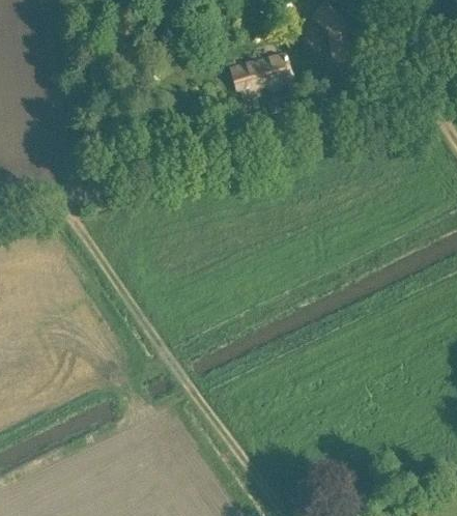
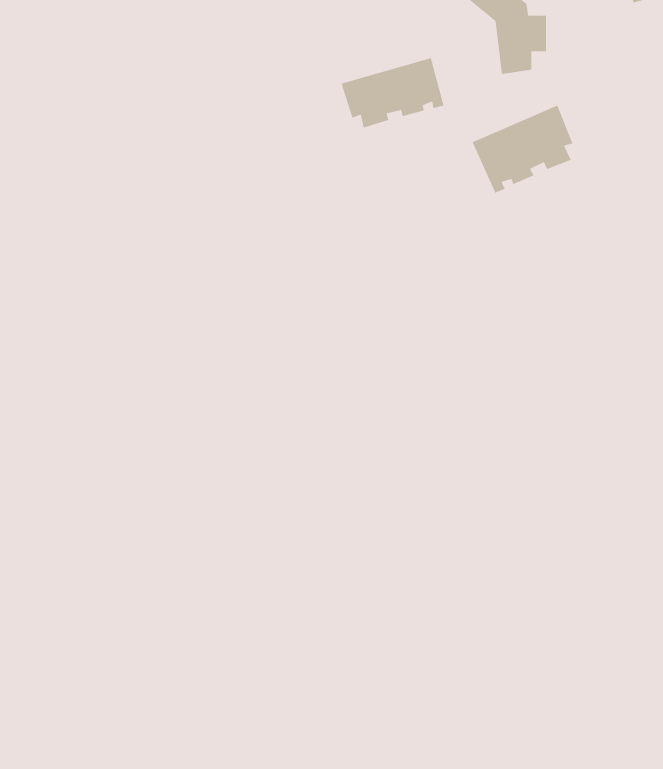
building: none -> [471,104,574,194]

